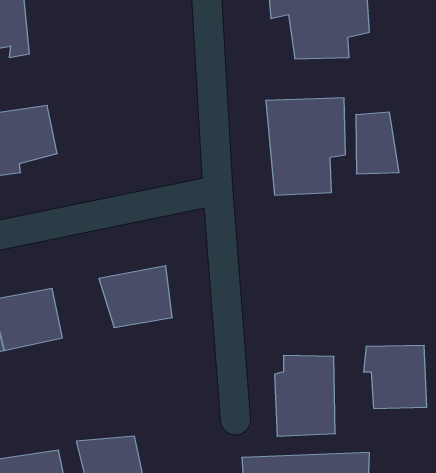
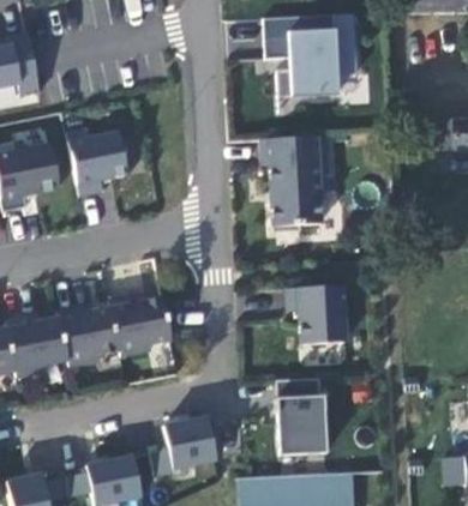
building: none -> [65,131,131,198]
building: [356,112,399,174] -> none
building: none -> [58,307,116,363]
building: [364,345,427,408] -> [288,285,348,345]
building: none -> [150,417,221,475]

